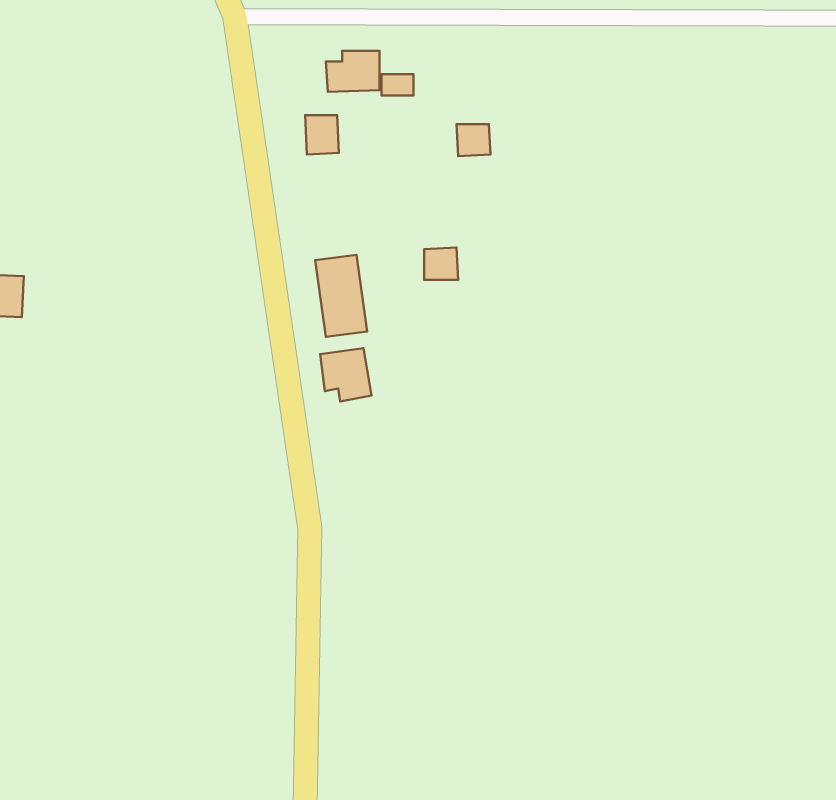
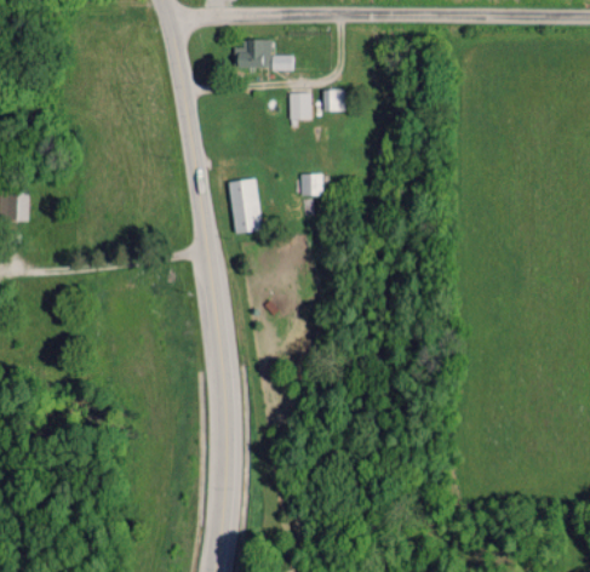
building: [305,115,339,155] -> [290,93,313,120]
building: [320,348,371,401] -> none

